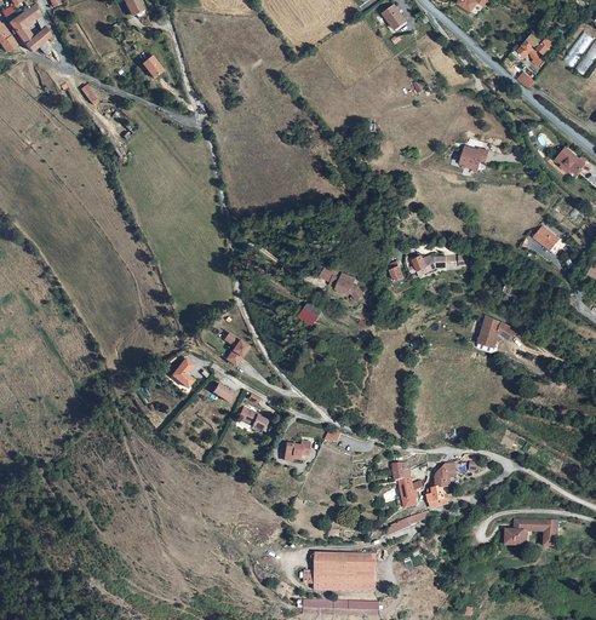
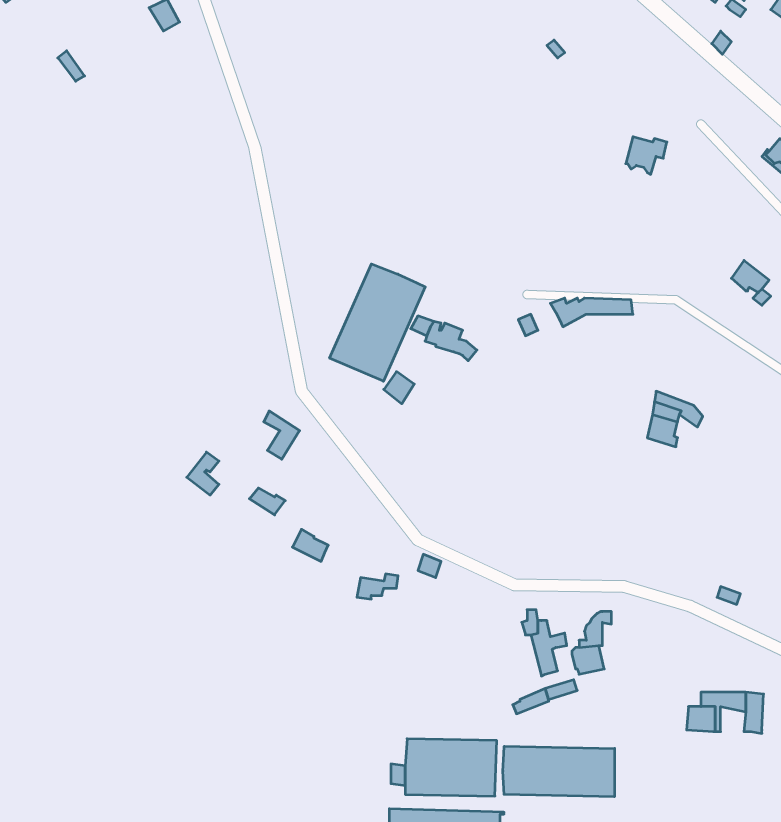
building: none -> [330,264,425,381]
building: none -> [503,746,615,797]

